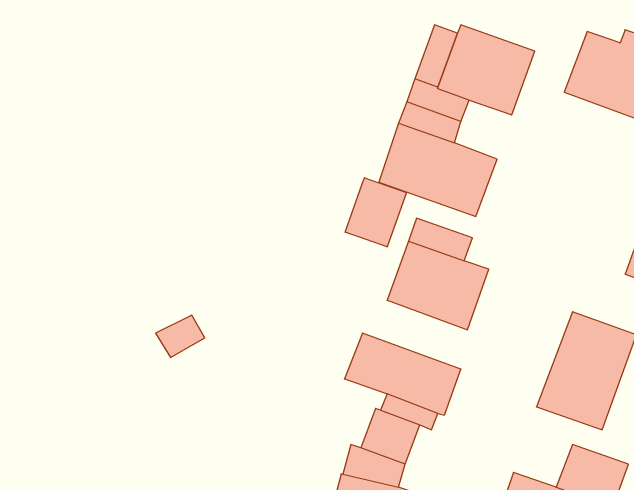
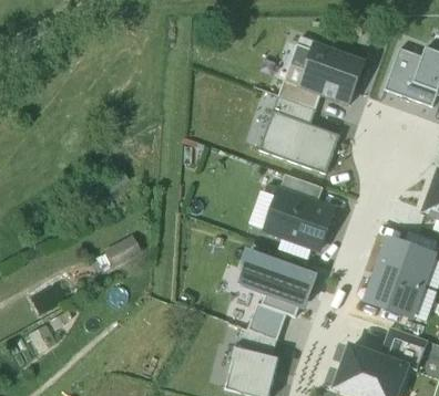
building: [345,178,406,247] -> none

